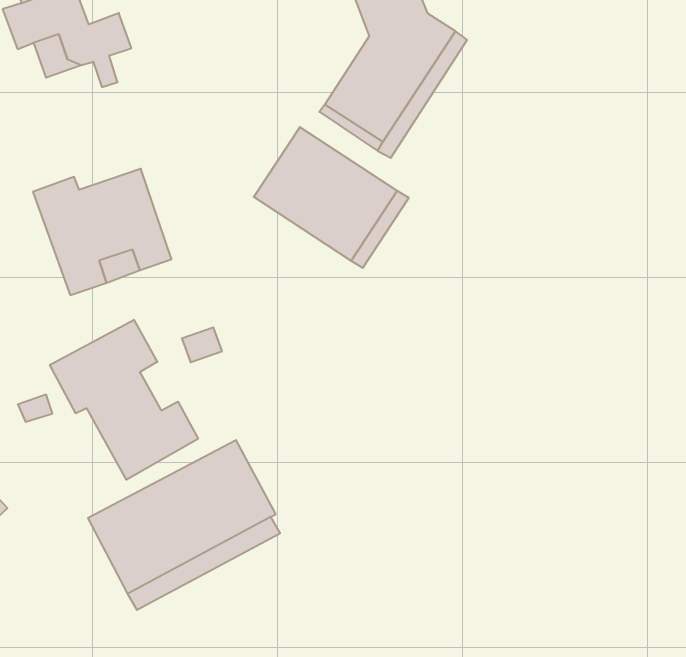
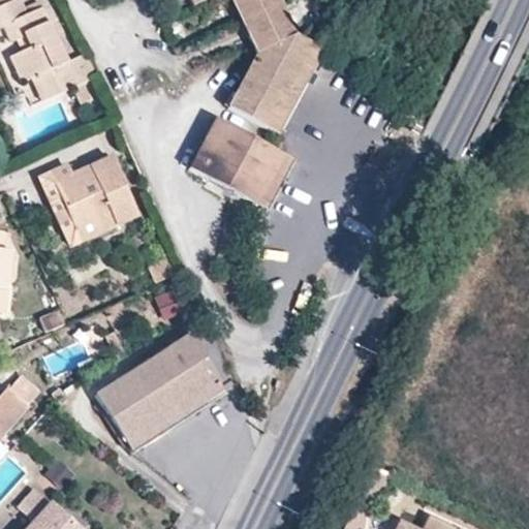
building: [50,320,198,480] -> none

